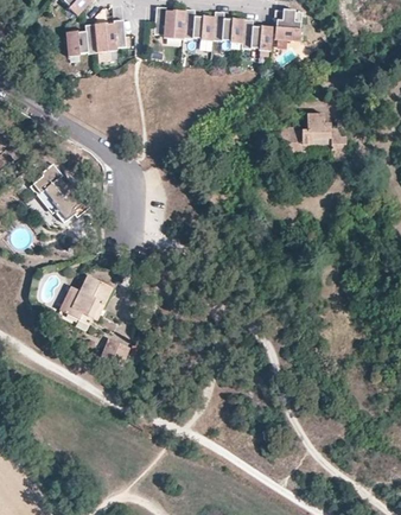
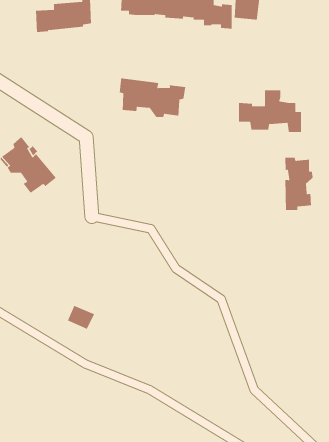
building: none -> [119,78,186,118]
building: none -> [284,157,314,211]
building: [59,274,113,325] -> none

